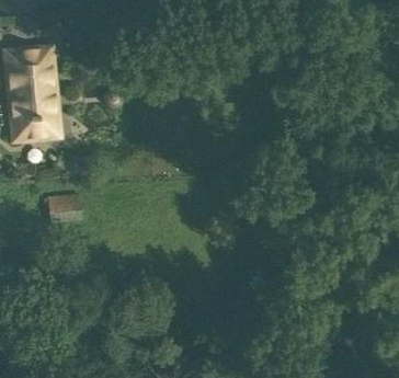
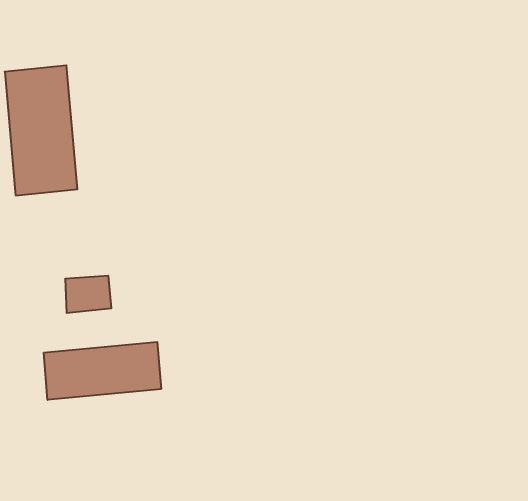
building: none -> [44,342,161,400]

